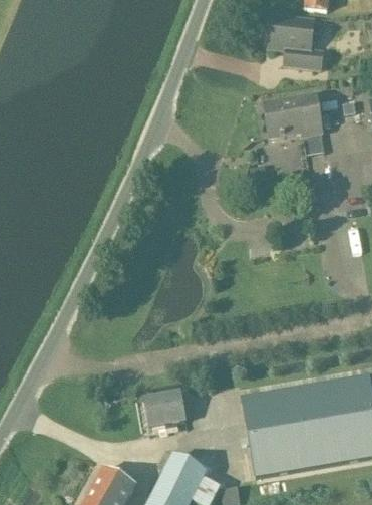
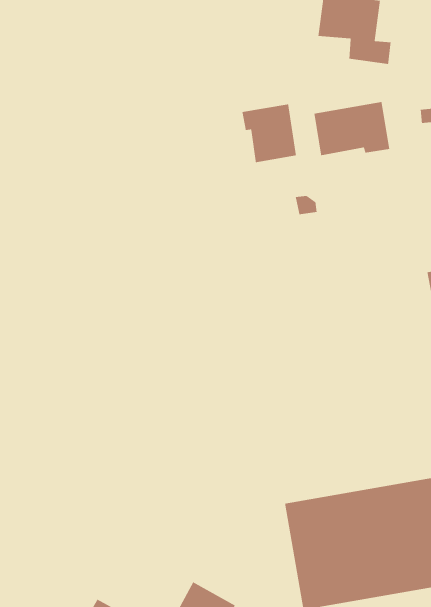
building: none -> [242,103,297,163]
building: [143,392,185,427] -> none

